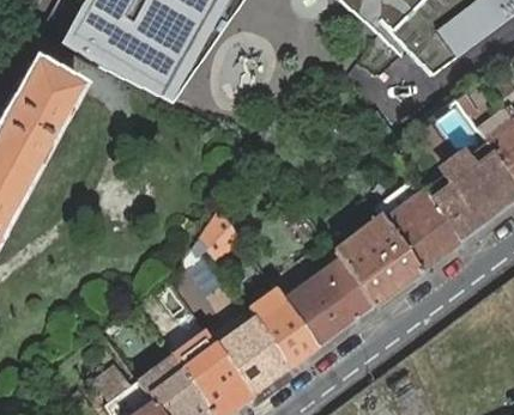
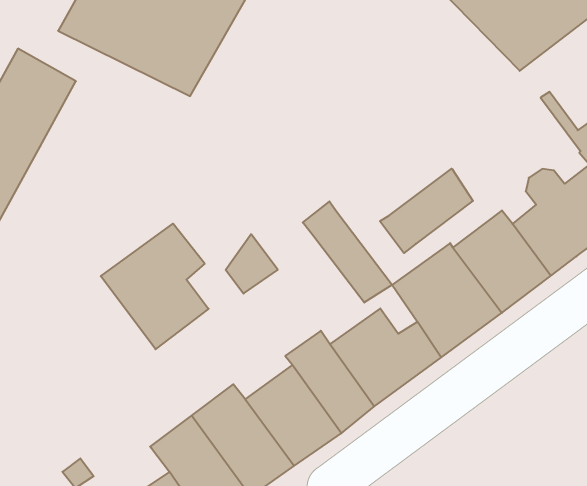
building: none -> [380,169,473,253]
building: none -> [303,201,392,303]
building: none -> [101,224,209,349]

